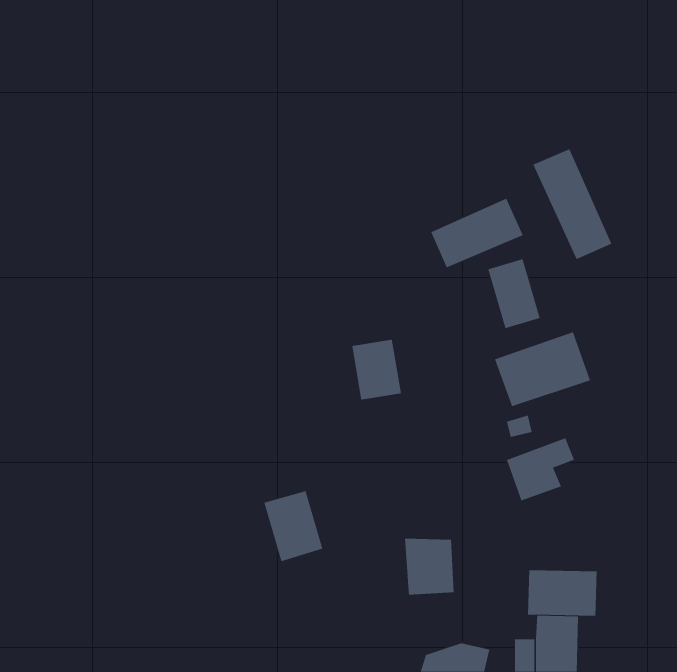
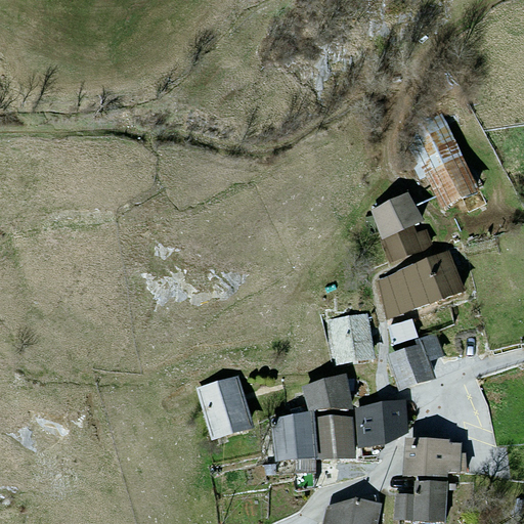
building: [430,198,524,268] -> none
building: [351,339,402,400] -> [334,314,373,361]
building: none -> [307,377,350,409]
building: none -> [356,402,406,444]
building: none -> [276,416,315,462]

